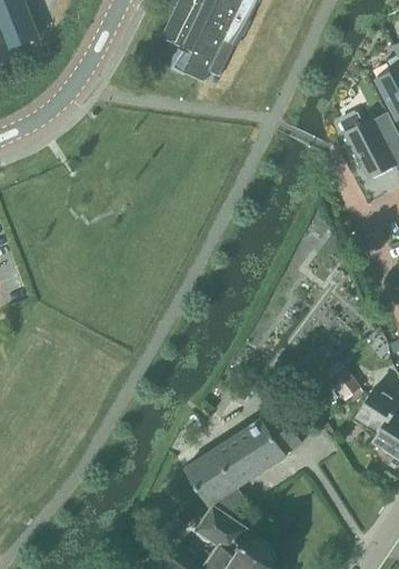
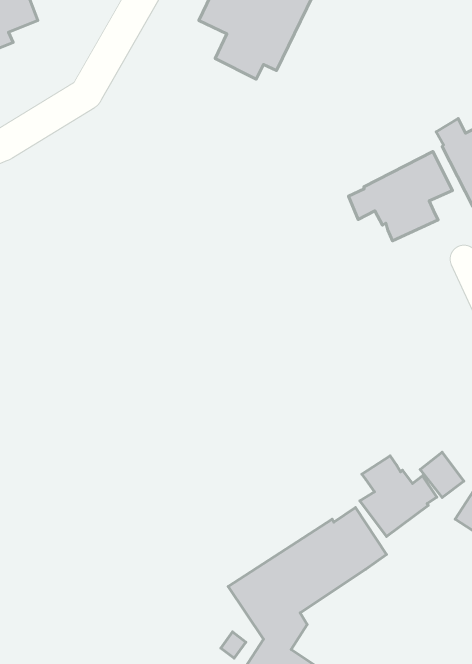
building: none -> [349,151,453,241]
building: none -> [360,456,437,537]

